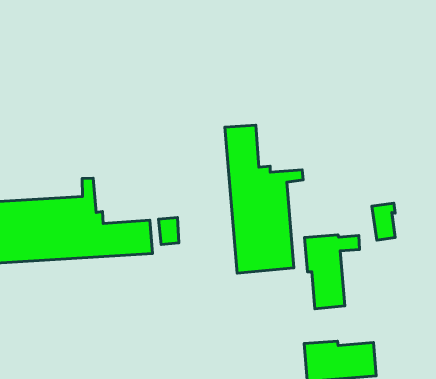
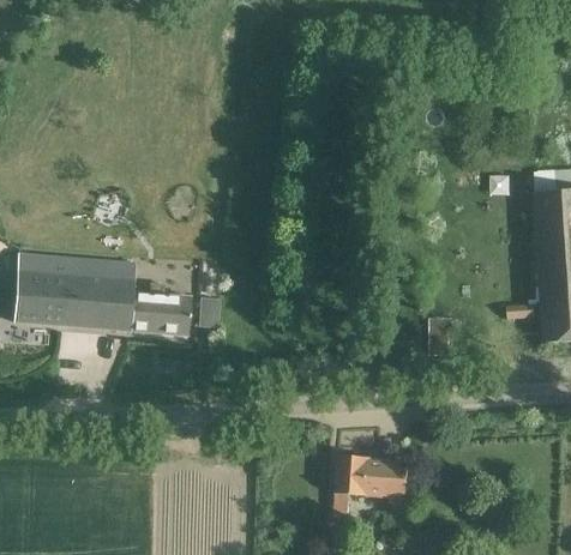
building: [225,125,303,273] -> none
building: [305,235,359,309] -> none

